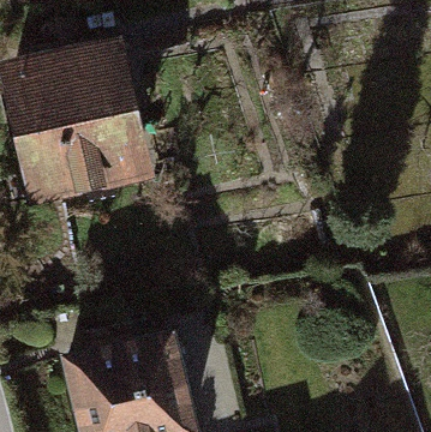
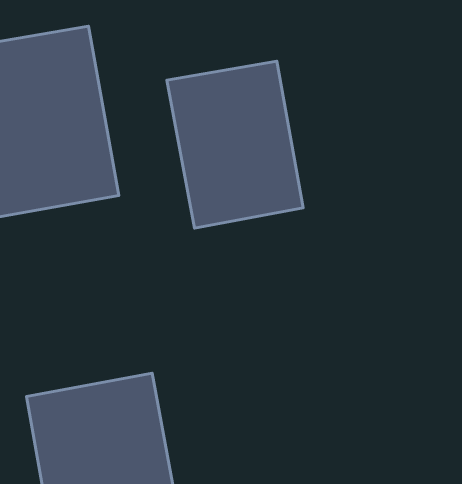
building: none -> [167,61,303,228]

